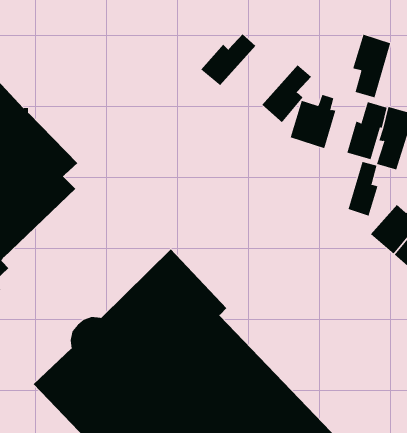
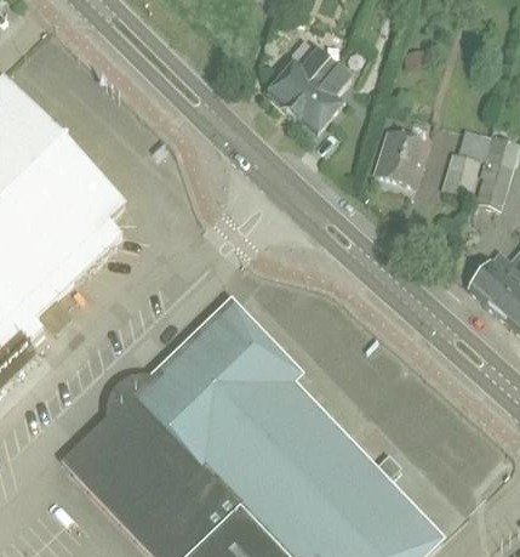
building: [353,34,391,98] -> none
building: [261,65,312,123] -> [292,62,352,131]
building: [348,161,378,216] -> none

